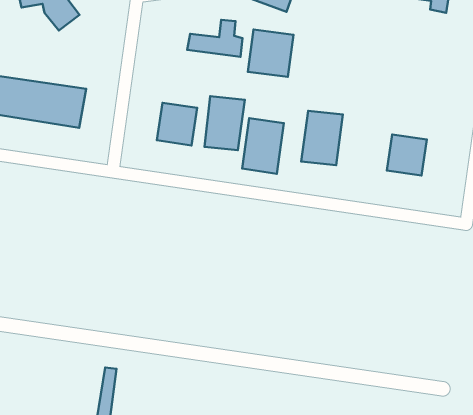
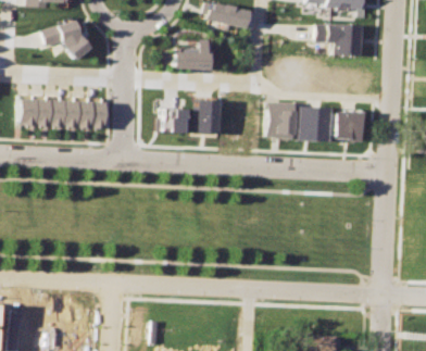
building: none -> [317,23,362,53]
building: [248,30,293,77] -> none
building: [242,118,284,174] -> [300,101,327,140]

